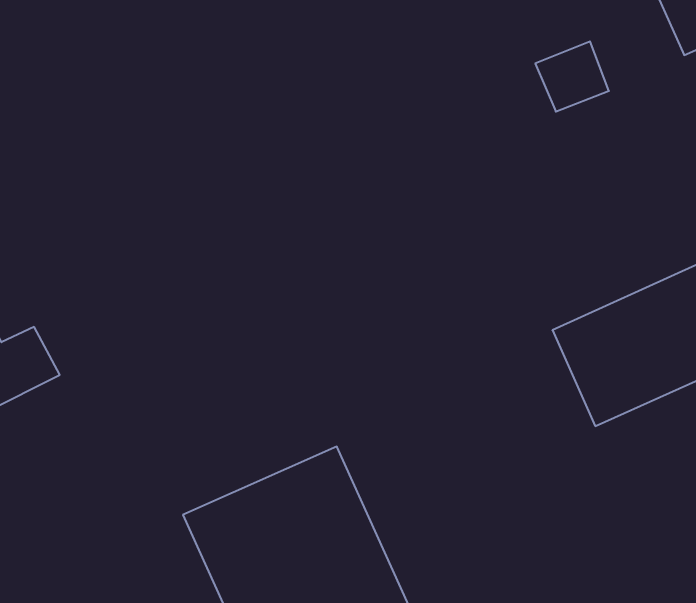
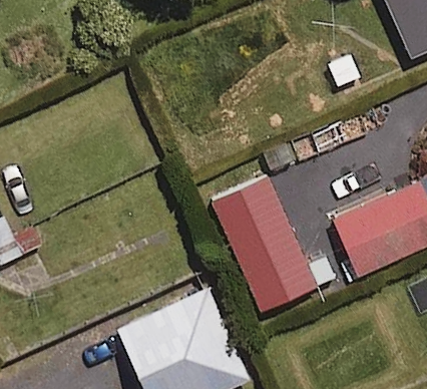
building: none -> [211,178,316,313]

